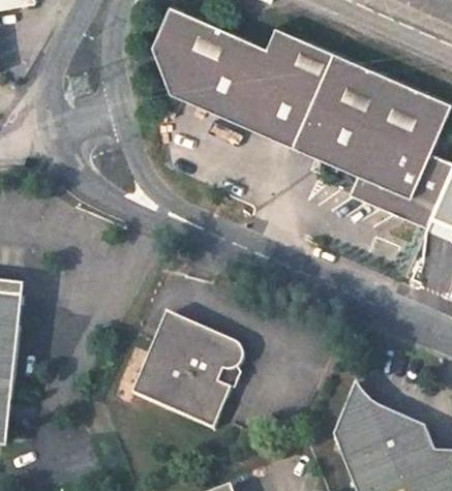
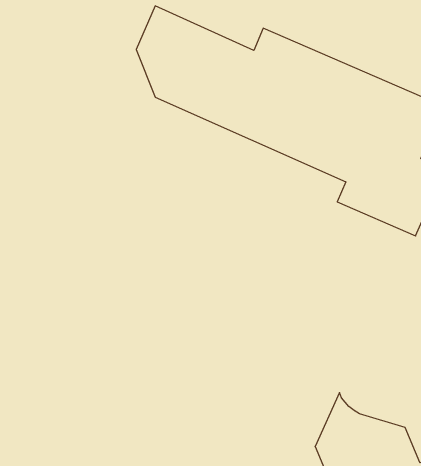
building: [132,307,243,425] -> none

